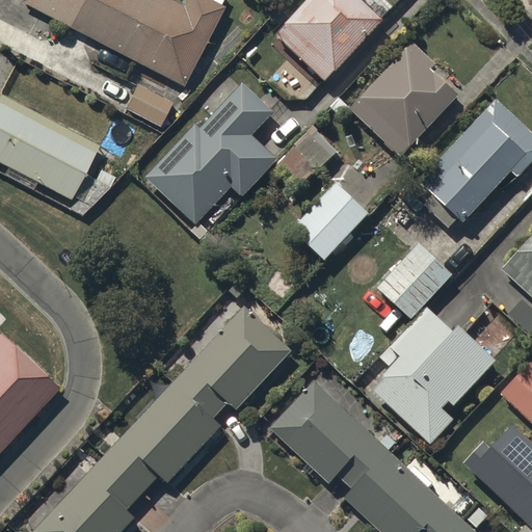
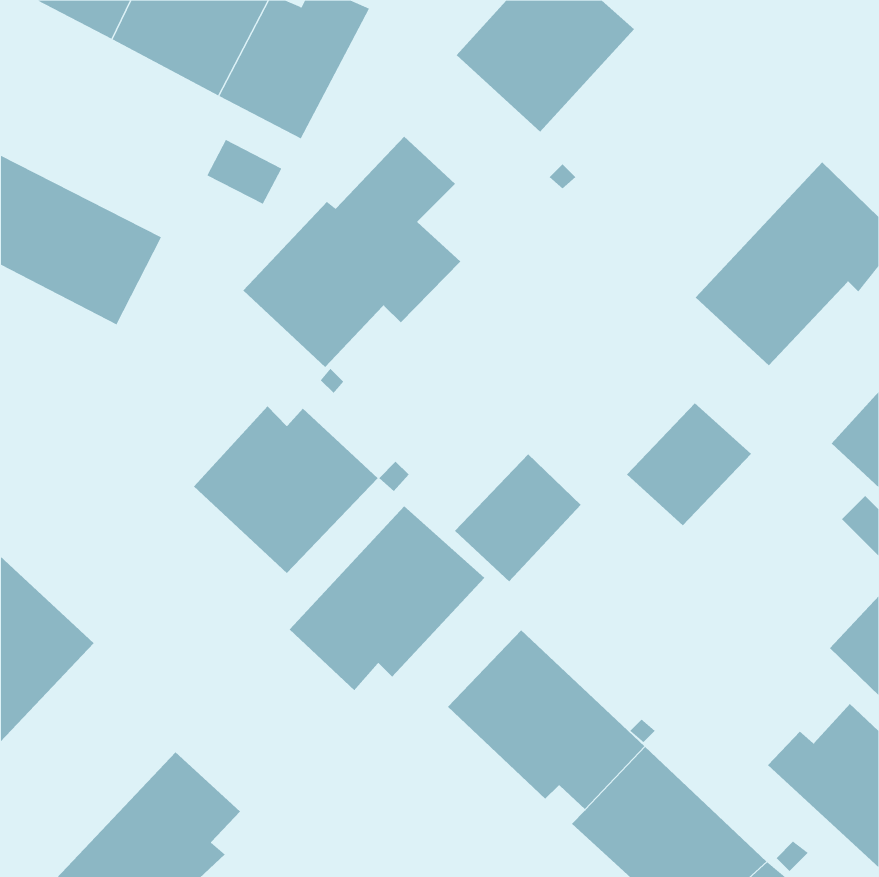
building: [350,43,458,156] -> none
building: [277,128,339,190] -> none
building: [292,182,369,260] -> [454,453,581,582]
building: none -> [193,406,378,574]
building: [373,308,496,444] -> none
building: [106,381,222,491] -> none

